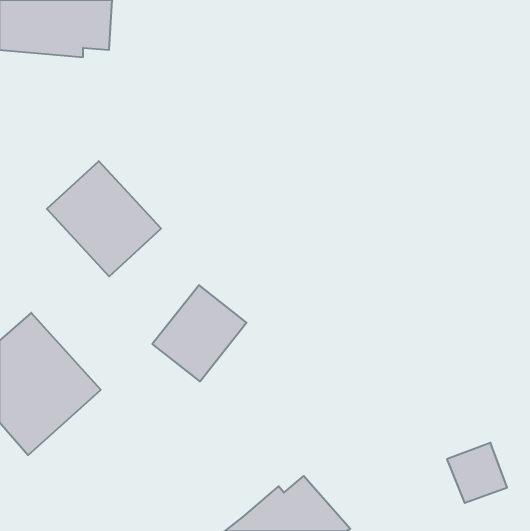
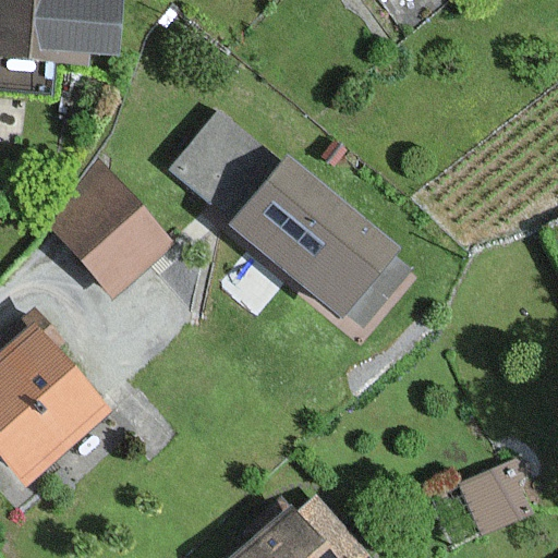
building: none -> [175,117,396,312]
building: [152,285,247,381] -> none

